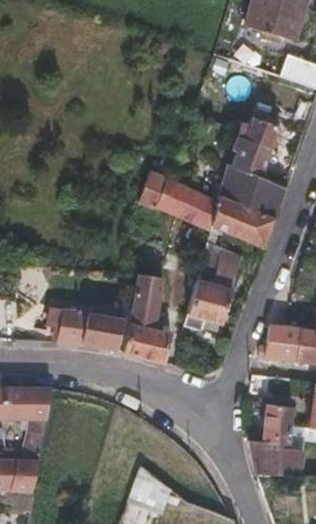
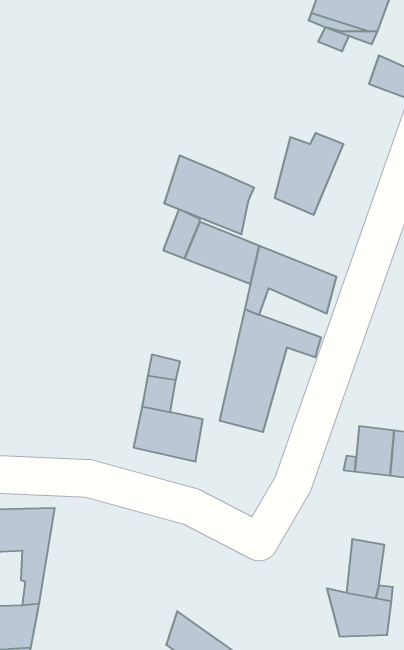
building: [208,160,274,218] -> [164,155,254,234]
building: [51,302,113,341] -> none

